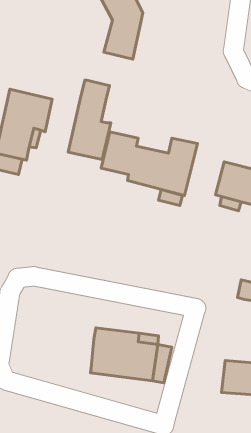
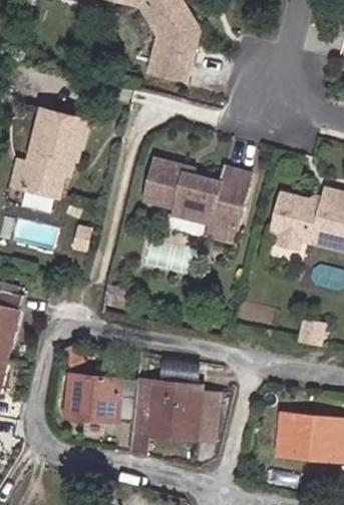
building: [68,80,111,160] -> none
building: none -> [74,375,136,425]

